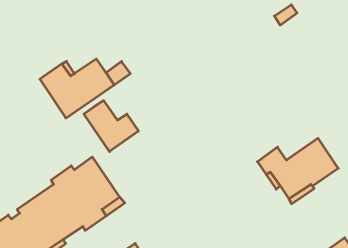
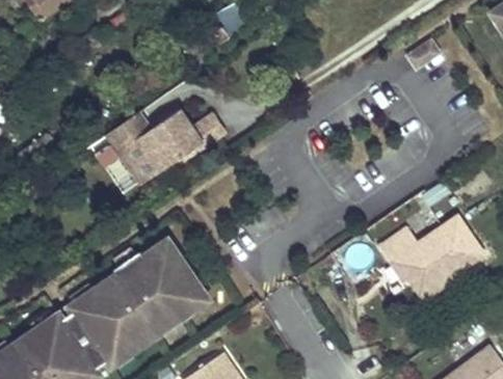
building: [84,101,138,152] -> none

